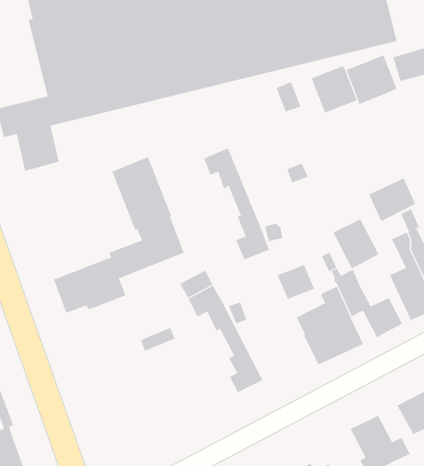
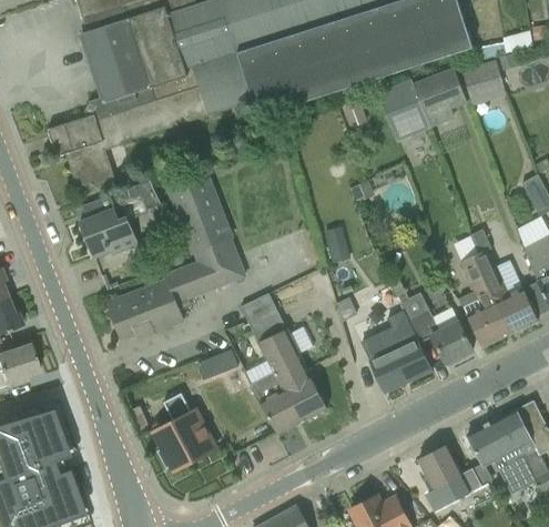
building: [203,148,270,260] -> none
building: none -> [80,180,161,259]
building: [369,178,416,222] -> none
building: [333,218,379,270] -> none
building: none -> [252,337,301,434]
building: none -> [157,394,215,469]

